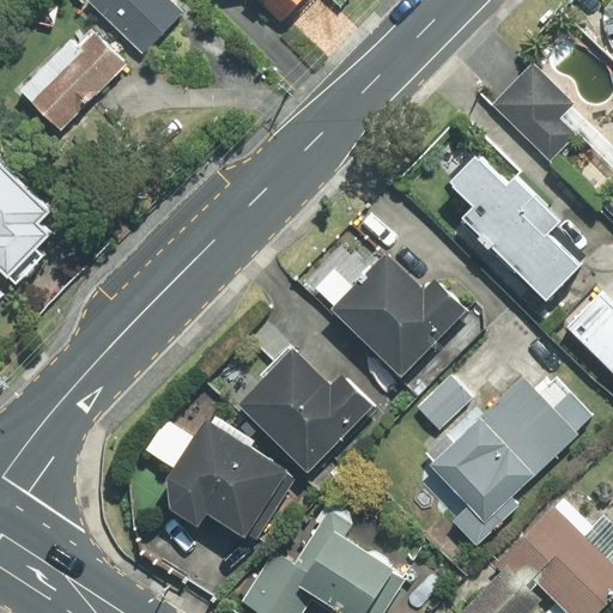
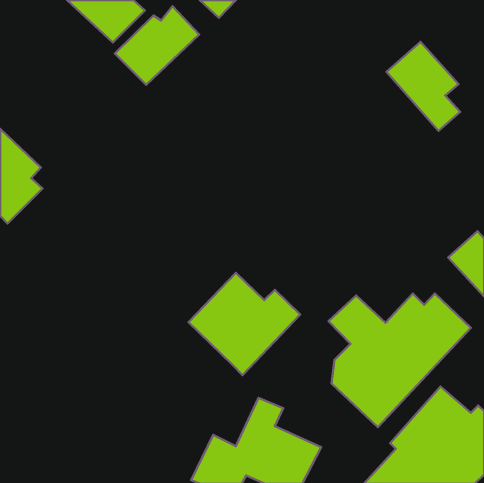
building: [19,31,126,131] -> [115,6,199,85]
building: [447,156,577,305] -> none
building: [311,255,472,377] -> none
building: [140,417,289,541] -> none

